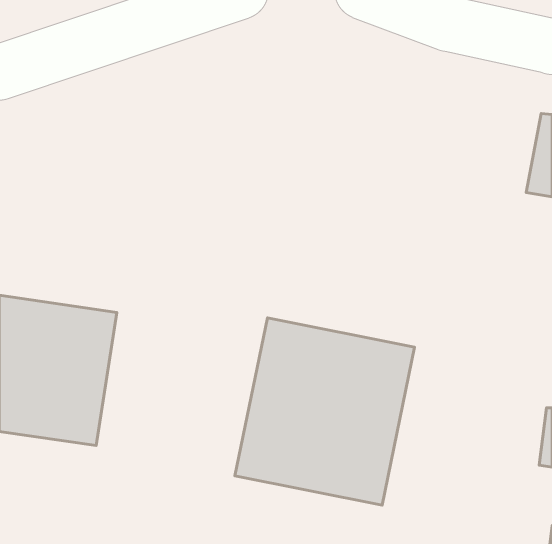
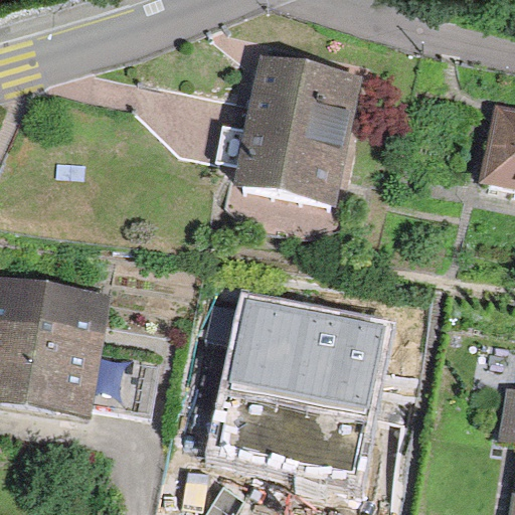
building: none -> [240,58,352,201]

